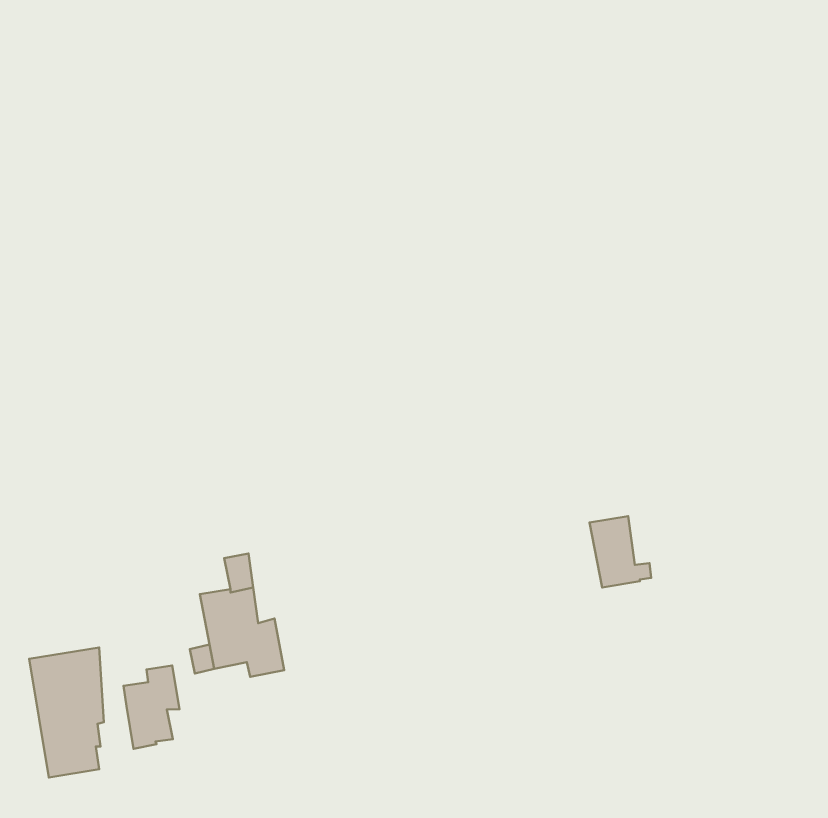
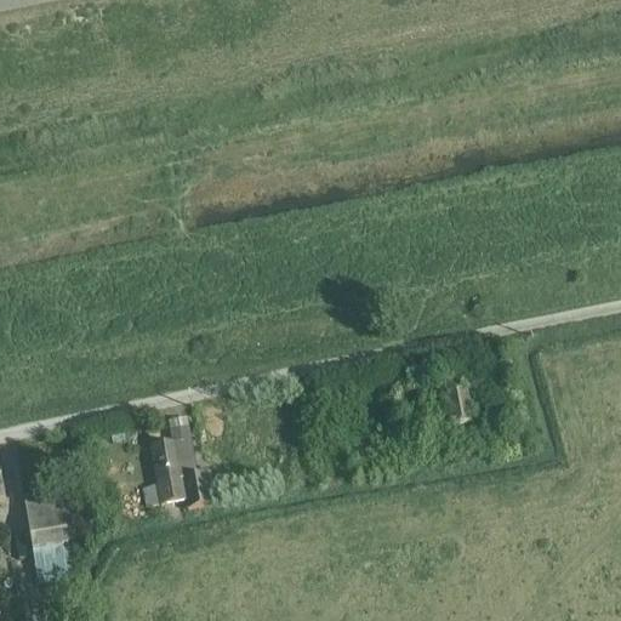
building: [123,665,179,749] -> none

